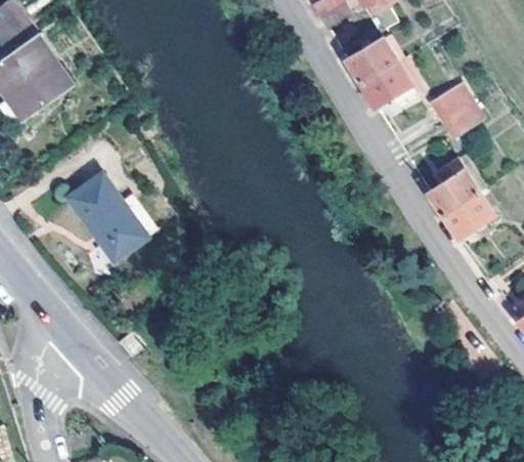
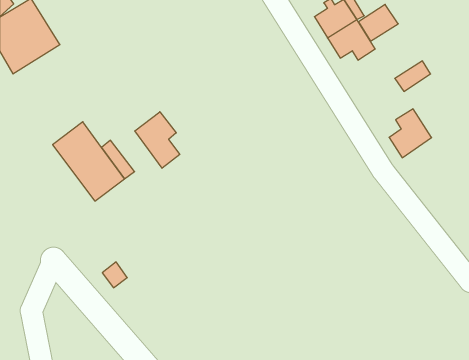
building: [426,85,470,126] -> [359,4,398,41]
building: none -> [135,112,180,168]
building: [447,192,494,237] -> none

